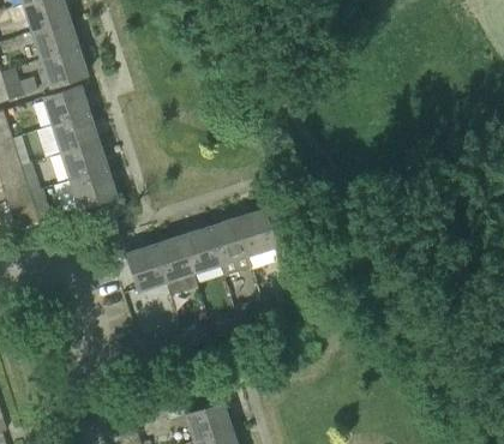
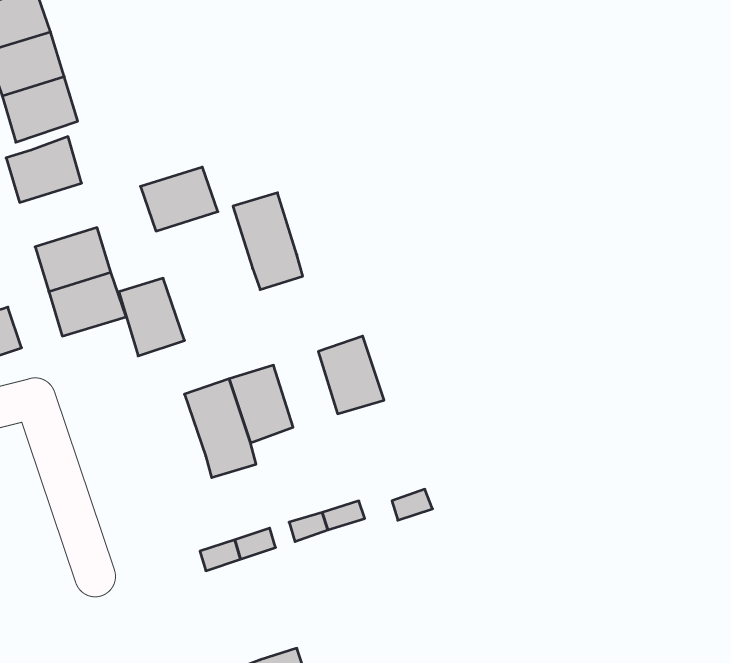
building: [52,114,100,154] -> [140,167,218,231]
building: [209,218,252,278] -> [233,193,303,290]
building: [126,245,167,293] -> [119,278,185,356]

